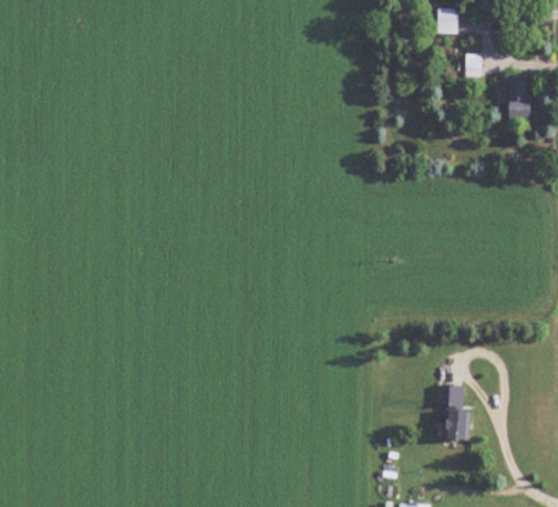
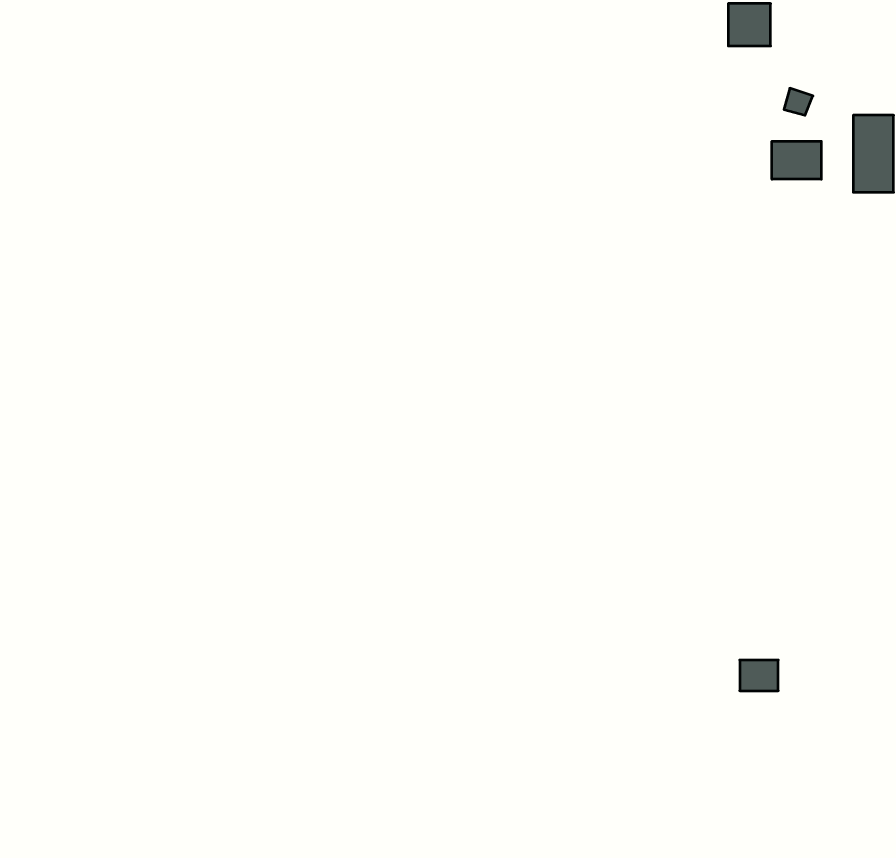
building: none -> [772,141,821,179]
building: [447,410,469,439] -> none

